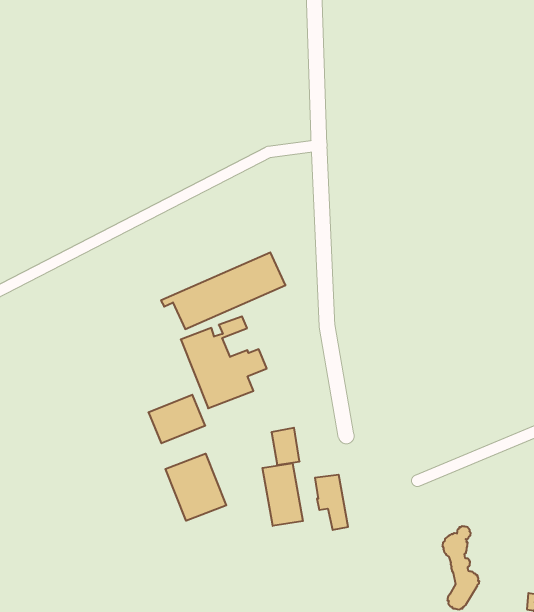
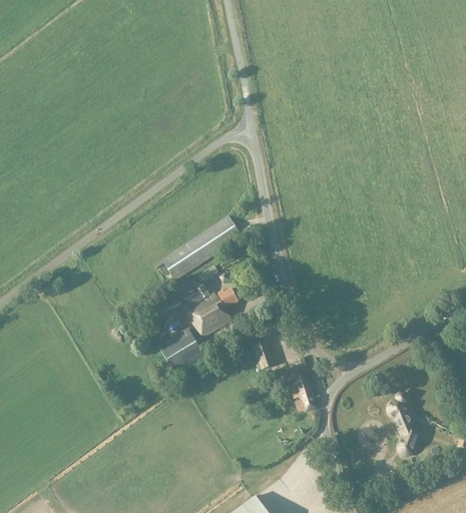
building: [165,454,226,521] -> none
building: [262,463,303,526] -> none

